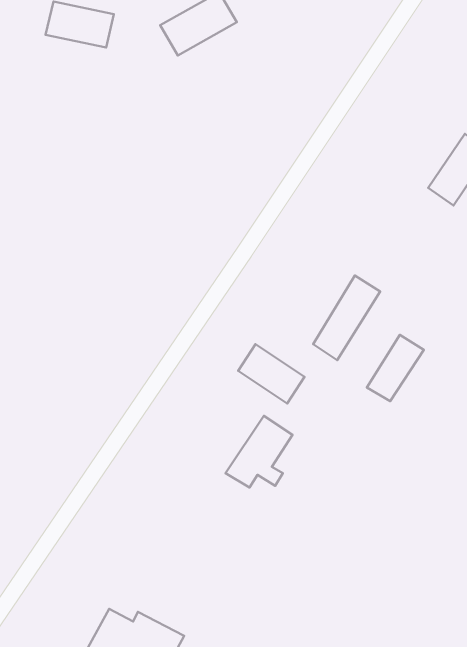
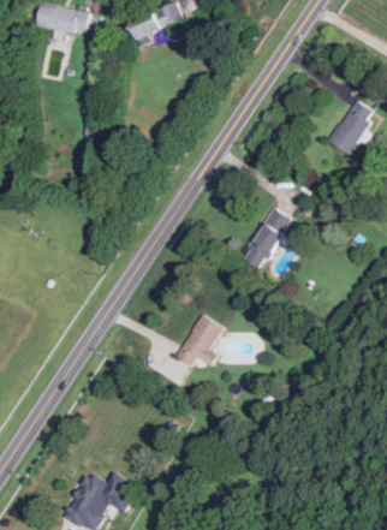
building: [367,335,424,401] -> none
building: [238,344,305,403] -> none

